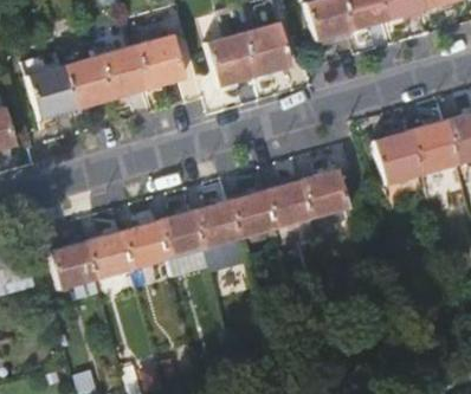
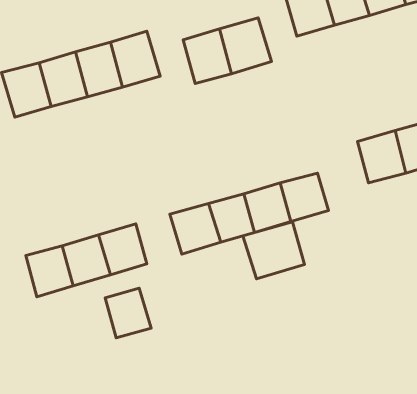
building: [160,212,205,260] -> [105,288,151,338]
building: none -> [243,222,304,279]

